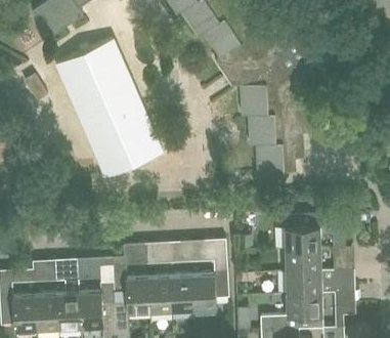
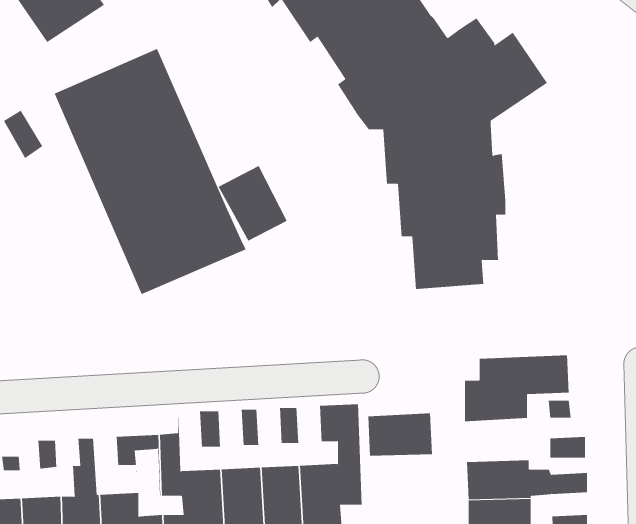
building: none -> [218,165,287,242]
building: [286,248,322,272] -> [367,413,433,456]

